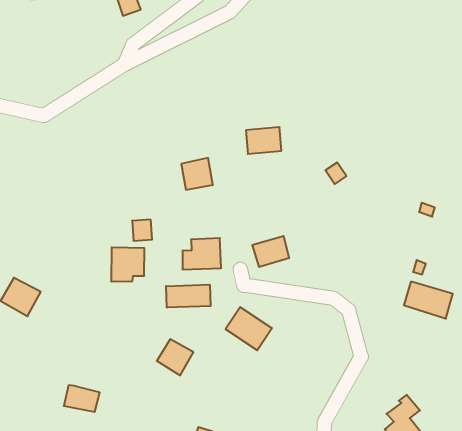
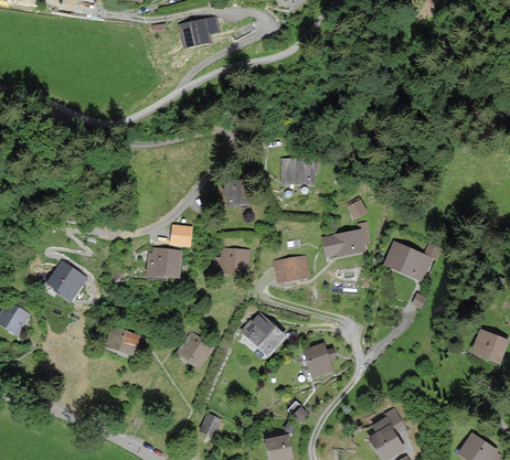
building: none -> [325,223,369,256]
building: [404,282,453,319] -> [386,243,431,279]
building: [166,285,211,308] -> none
building: none -> [305,344,336,375]
building: [64,385,100,412] -> [106,328,139,354]

